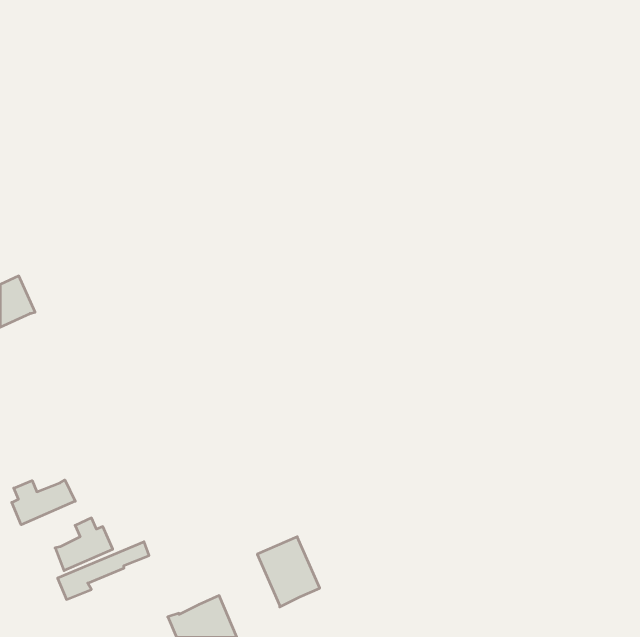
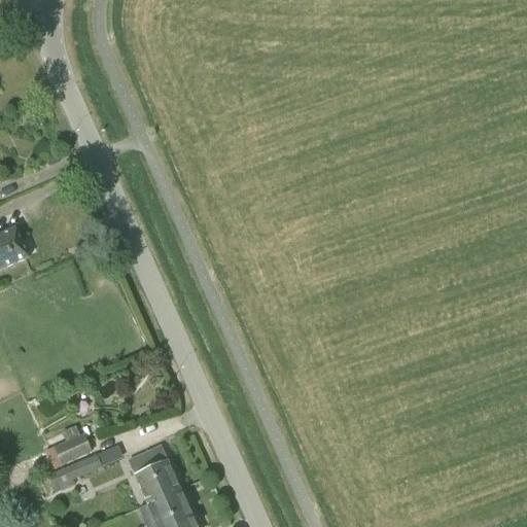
building: [12,480,75,525] -> none
building: [257,537,320,607] -> [129,447,180,504]

